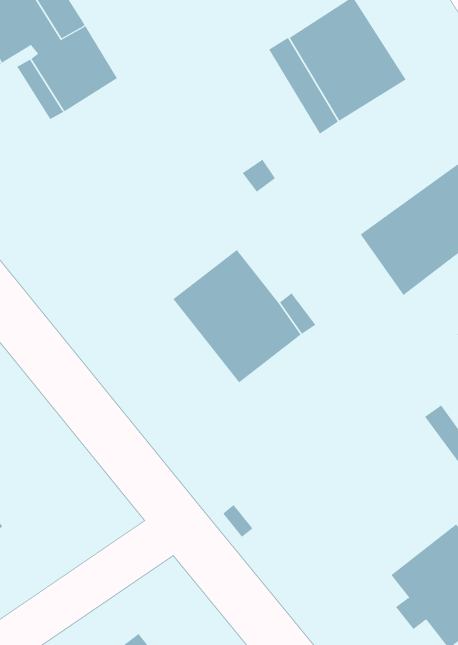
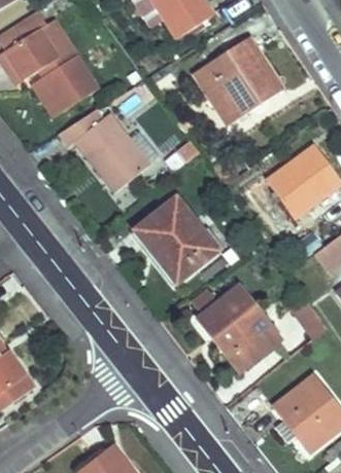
building: none -> [59,105,154,192]
building: none -> [197,285,280,371]

